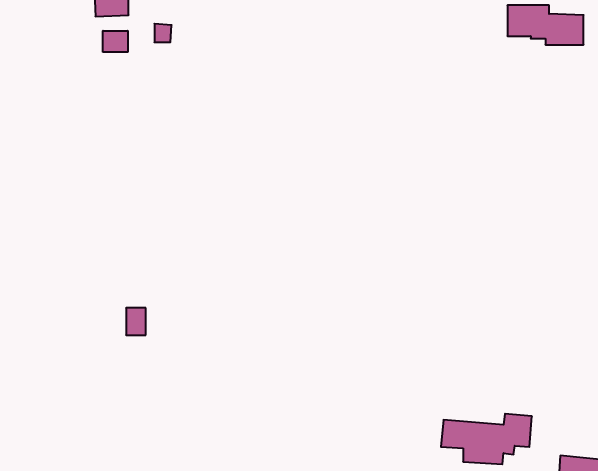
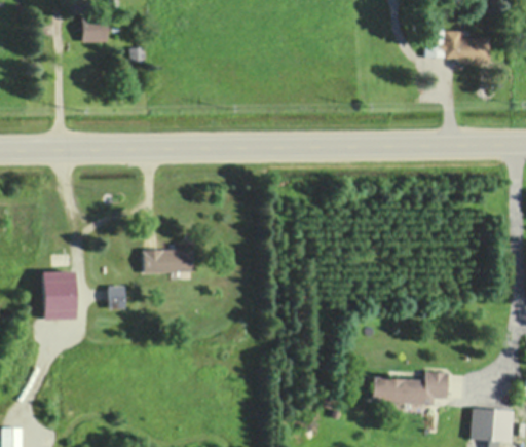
building: [103,31,128,52] -> none
building: none -> [143,248,194,271]
building: none -> [42,271,76,319]

